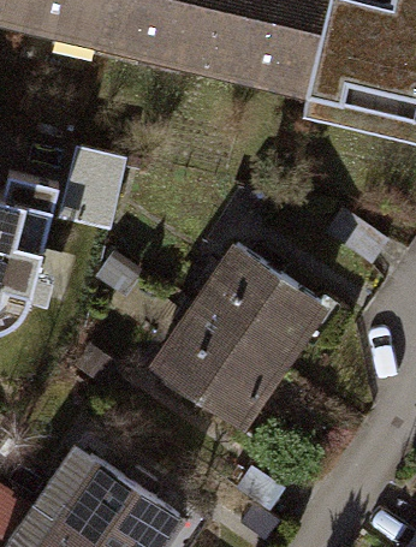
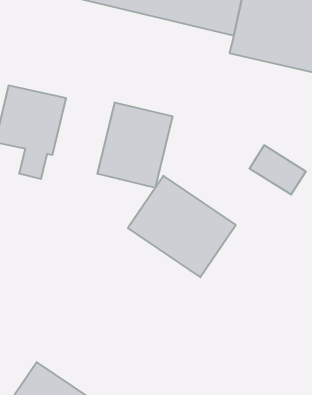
building: none -> [97,102,172,188]
building: [148,309,272,426] -> none

